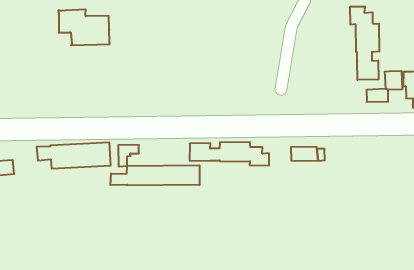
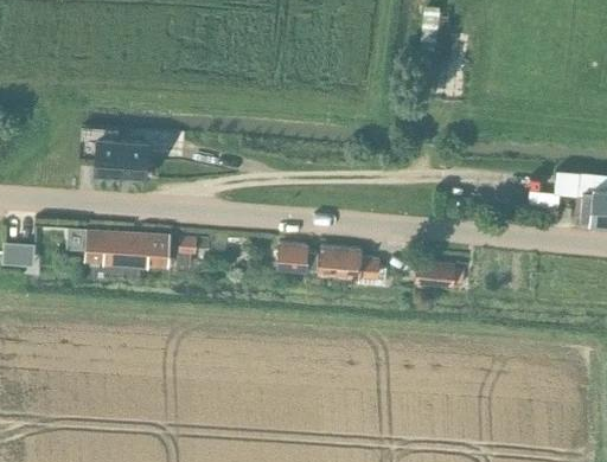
building: [350,6,379,80] -> none
building: [58,9,110,45] -> [78,128,149,181]
building: [110,165,200,185] -> none

